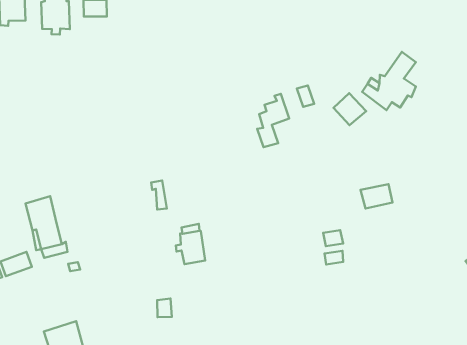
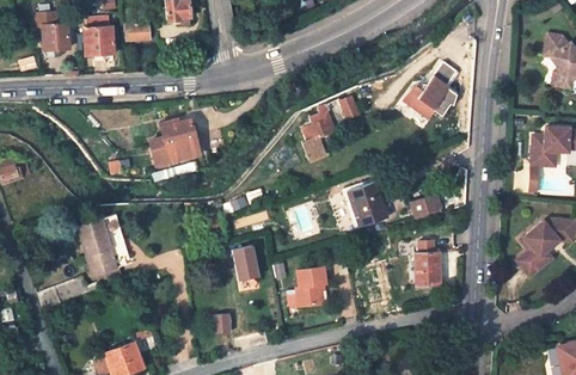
building: [334,93,366,125] -> none
building: none -> [152,119,197,166]
building: none -> [348,182,388,227]
building: none -> [415,253,440,284]
building: none -> [298,268,326,307]

